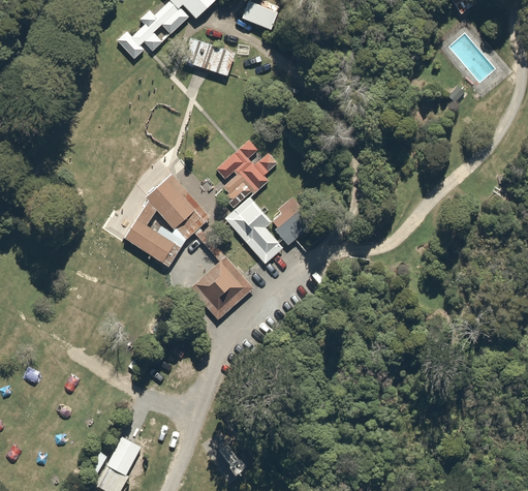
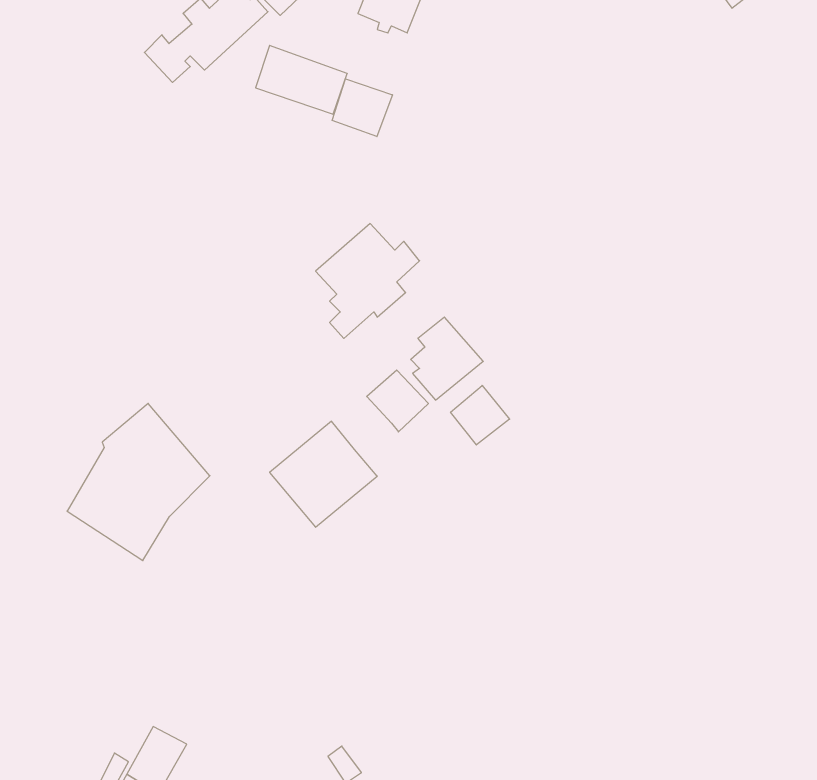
building: none -> [332,79,392,137]
building: [124,175,208,267] -> [67,403,210,561]
building: [224,196,271,243] -> none
building: none -> [451,385,510,445]

